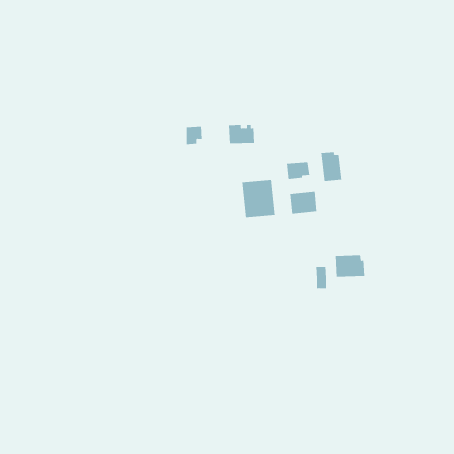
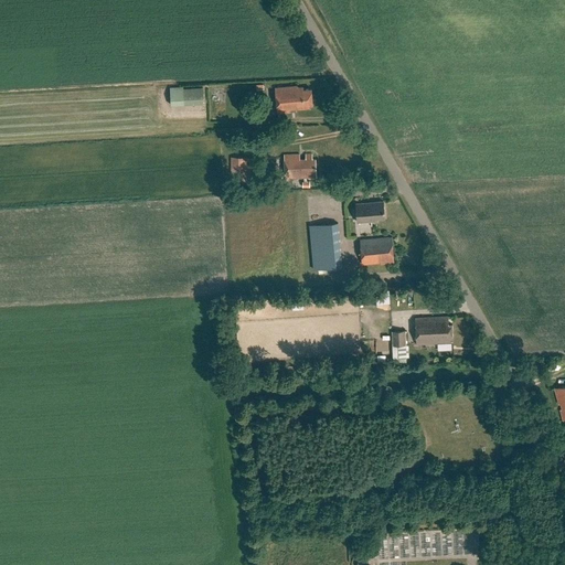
building: none -> [170,87,203,105]
building: none -> [275,87,312,113]
building: [321,151,342,182] -> none

